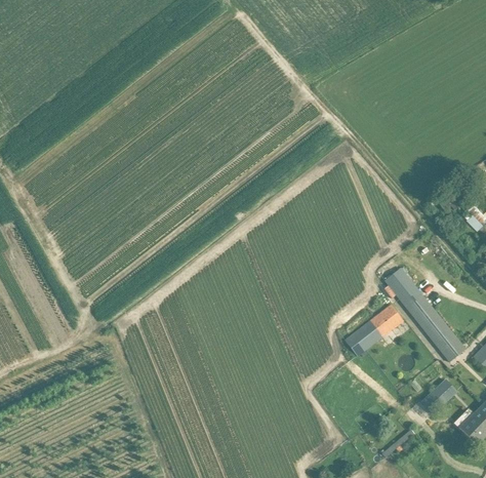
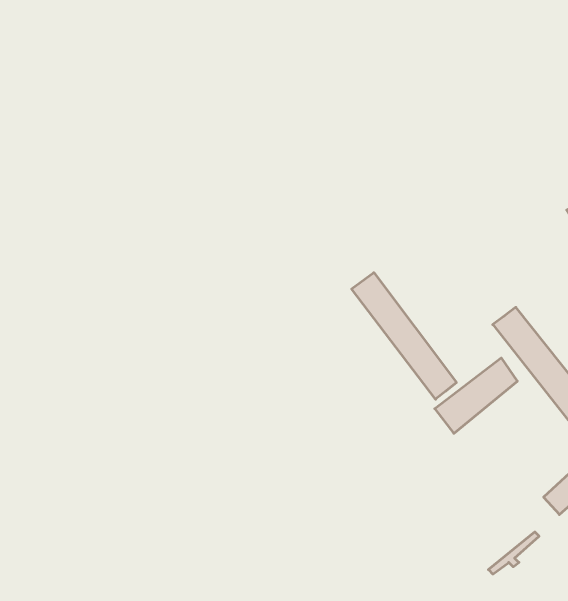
building: none -> [352,273,456,399]

